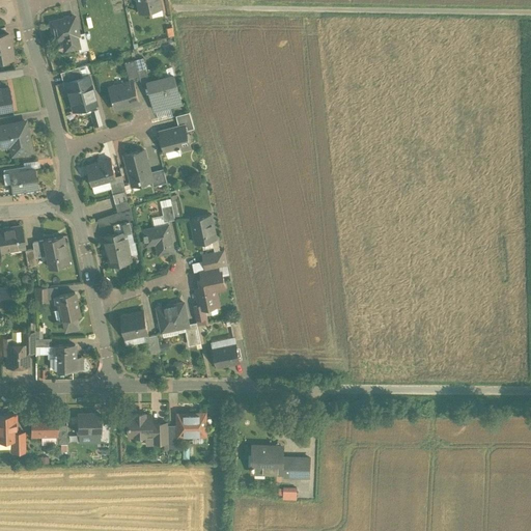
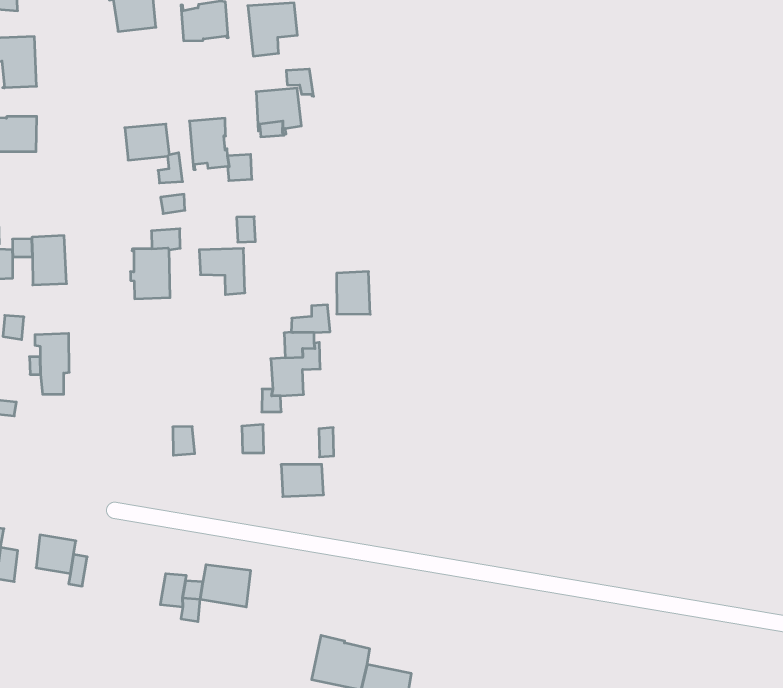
building: [191,215,215,243] -> [337,272,370,314]
building: [157,303,188,331] -> none
building: [119,311,147,338] -> none
building: [53,344,74,369] -> none
building: [129,414,155,436] -> none

